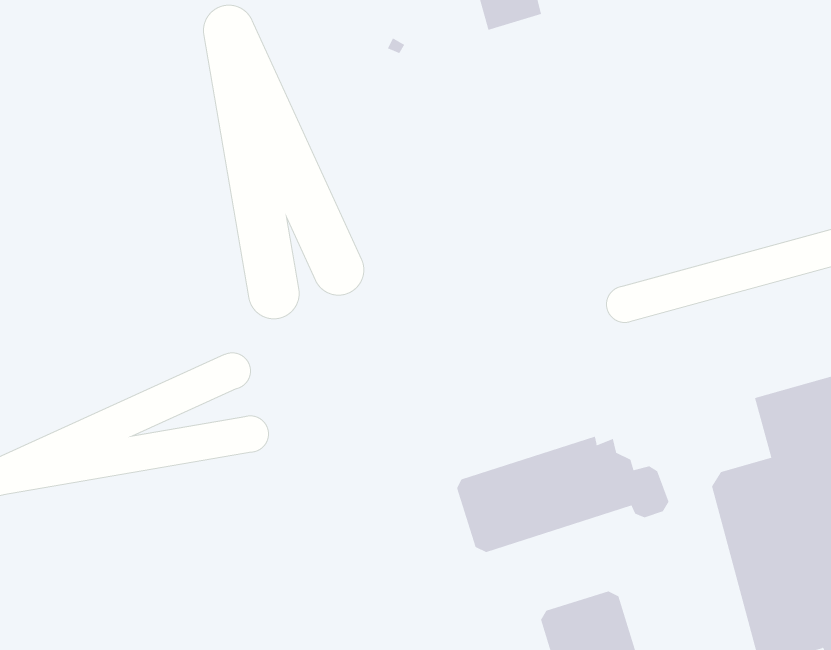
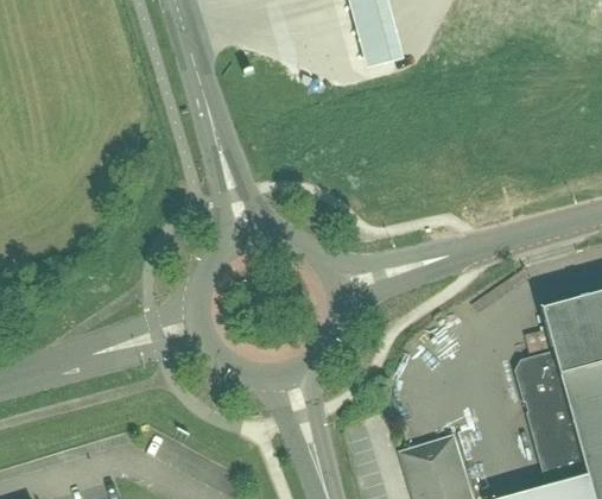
building: [457,436,669,553] -> none

